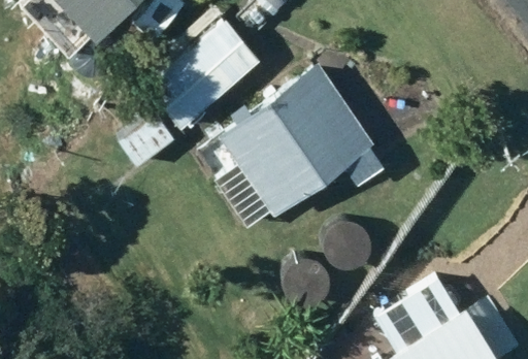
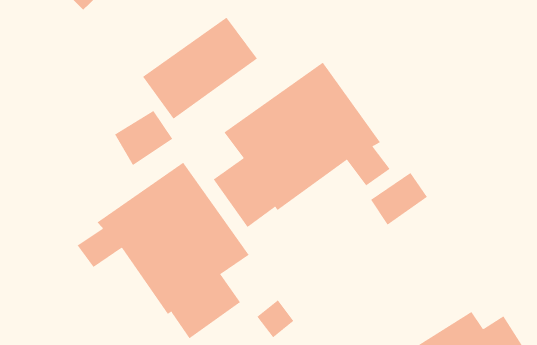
building: none -> [77,162,249,339]

